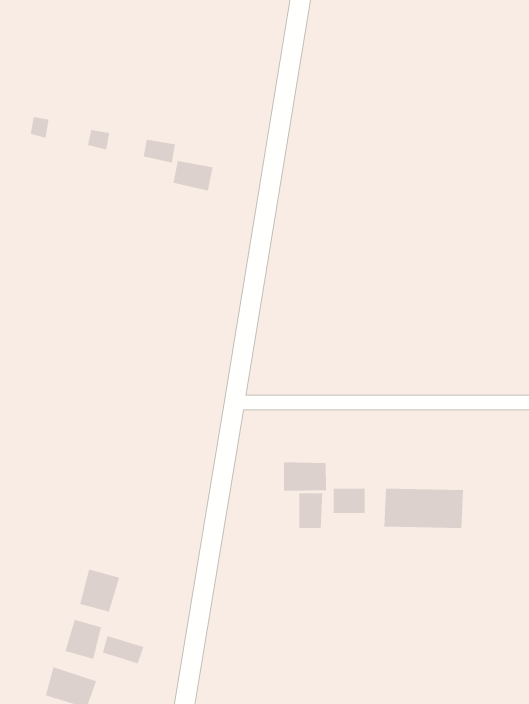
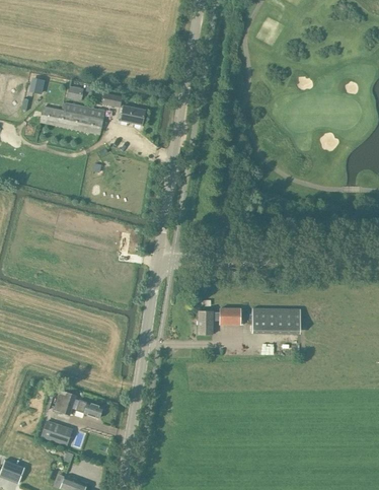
building: none -> [40,104,105,134]
building: [283,462,327,491] -> none
building: [79,568,120,612] -> none

